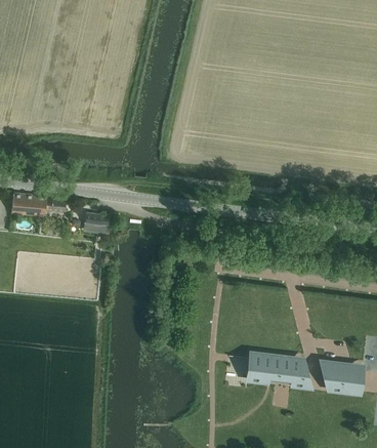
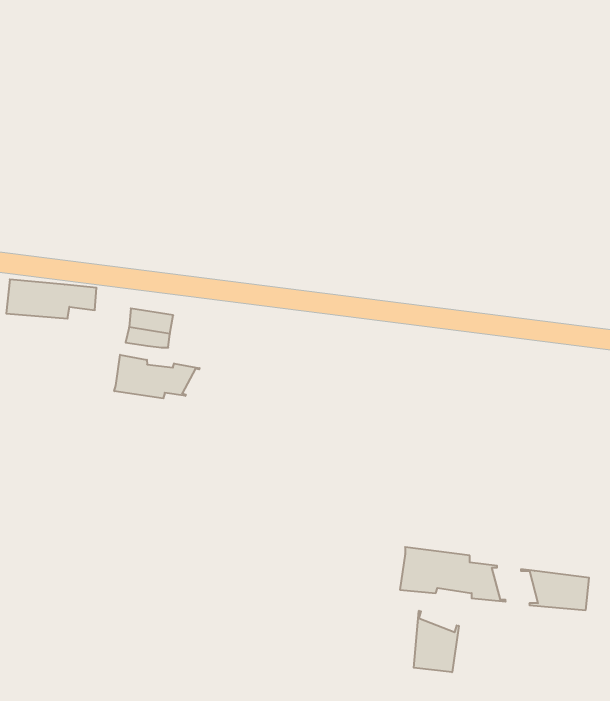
building: none -> [114,355,200,398]
building: none -> [414,611,459,672]

